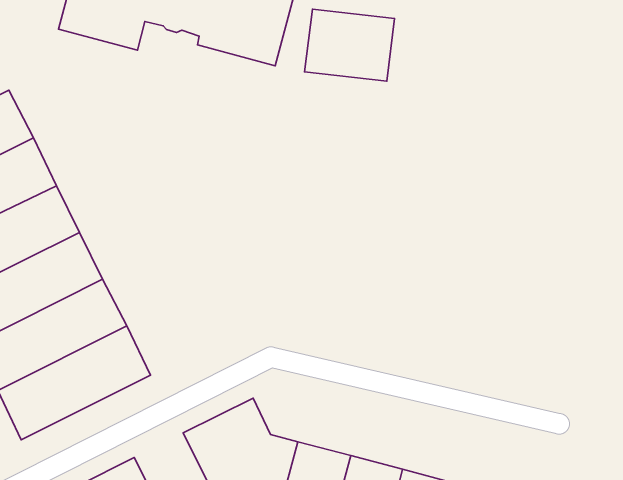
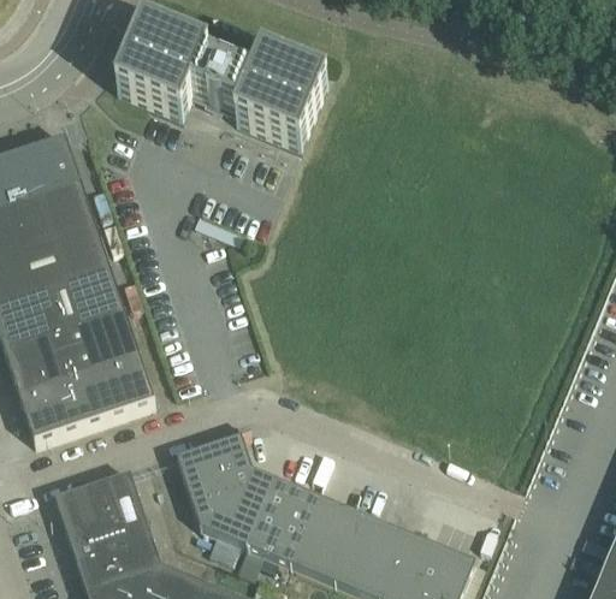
building: [305,9,395,81] -> none

